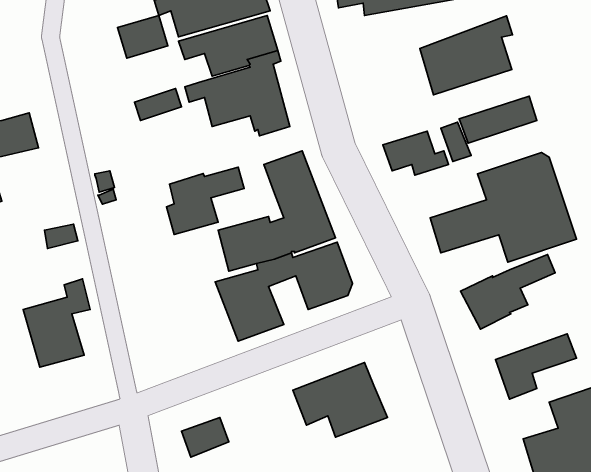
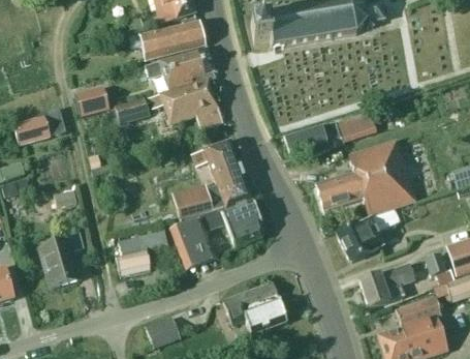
building: [118,15,168,58] -> [75,87,109,116]
building: [420,16,512,95] -> none
building: [166,167,244,234] -> [116,230,168,275]

